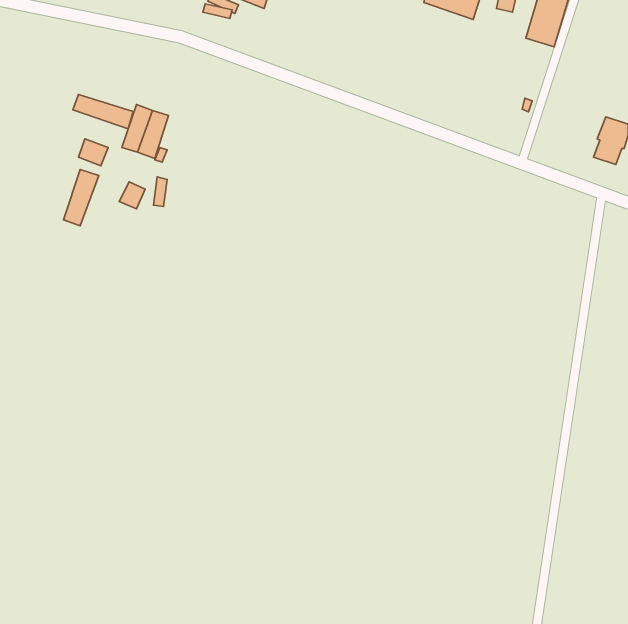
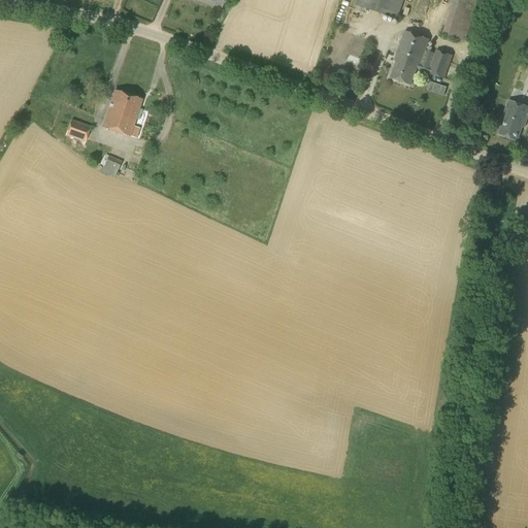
building: none -> [390,28,452,81]
building: [73,94,133,129] -> none
building: [63,170,99,226] -> none

